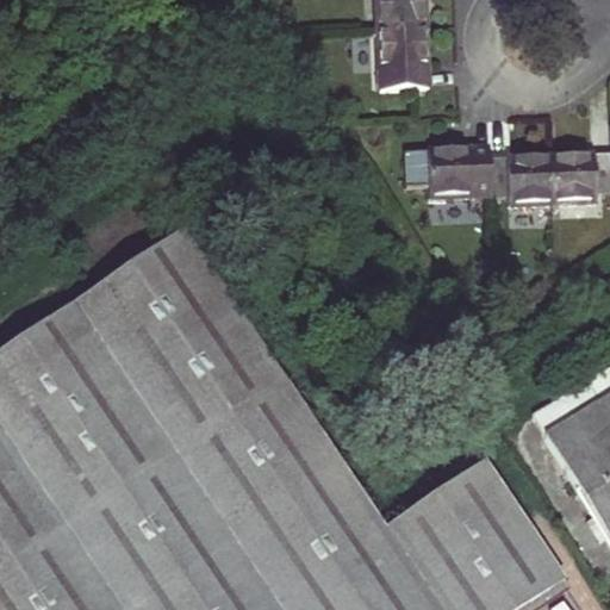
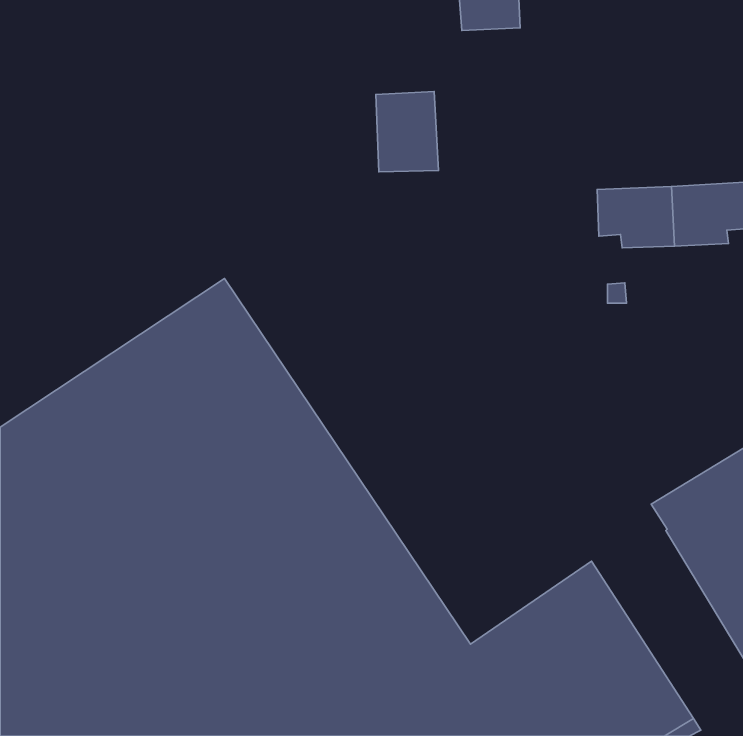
building: [379,23,430,88] -> [376,92,439,172]
building: [428,144,491,195] -> none

